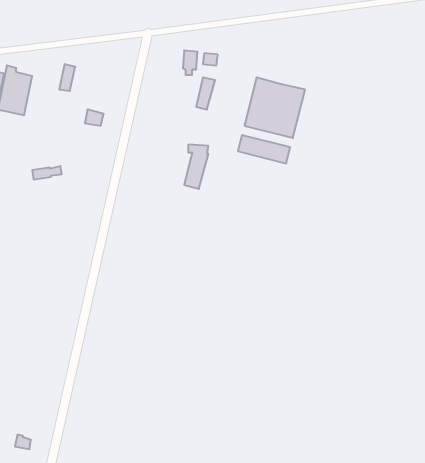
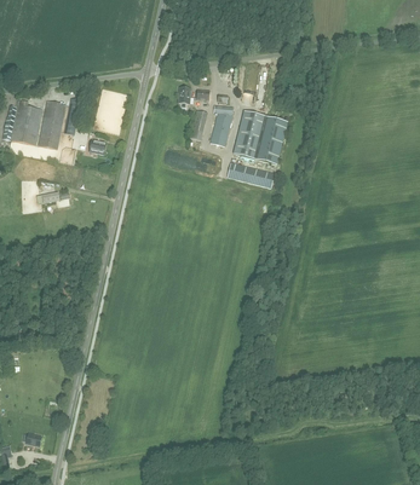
building: none -> [38,100,64,149]
building: [184,145,208,189] -> [209,105,231,145]

